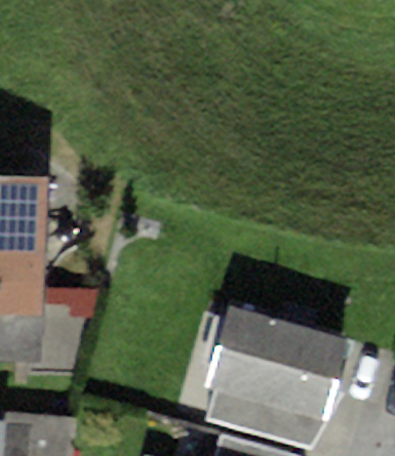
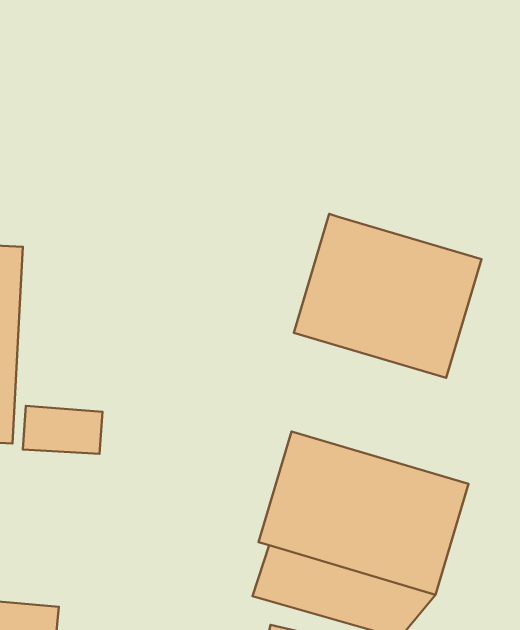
building: none -> [294,214,481,378]

